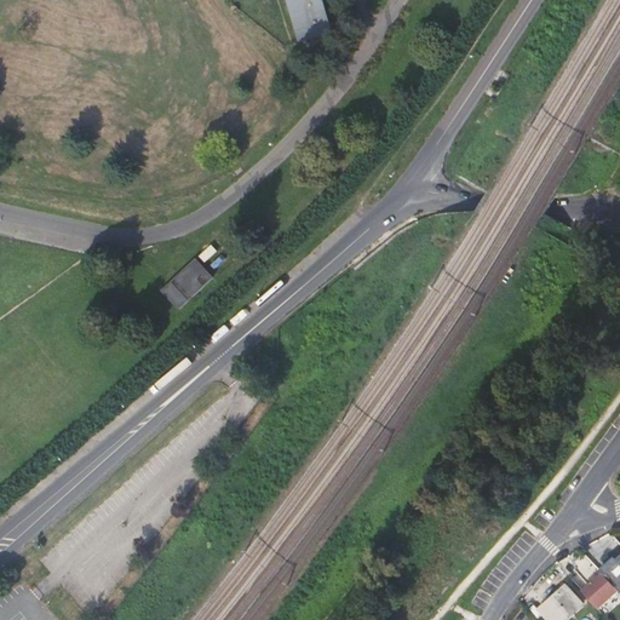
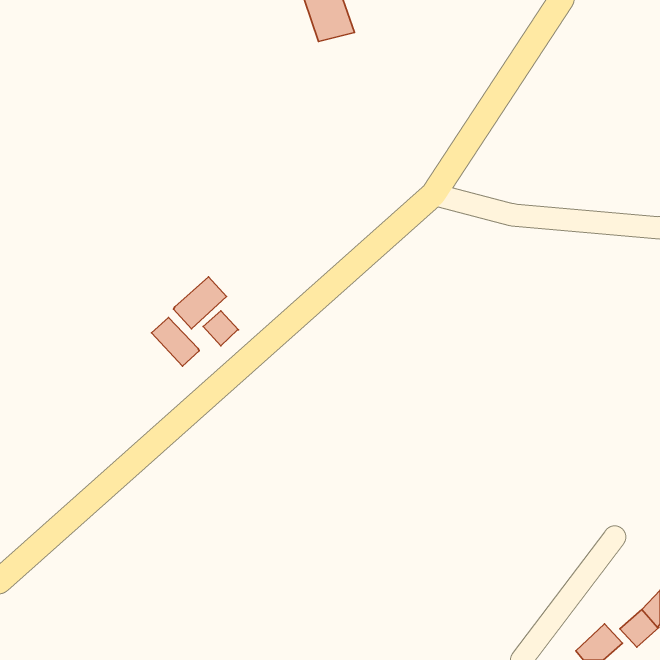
building: none -> [203,311,239,346]
building: none -> [152,318,199,366]

